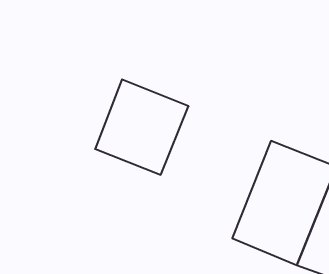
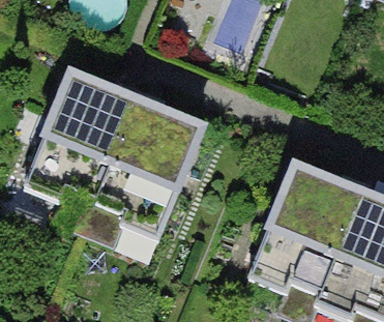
building: none -> [38,72,136,172]

